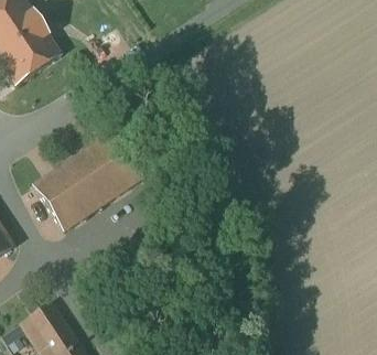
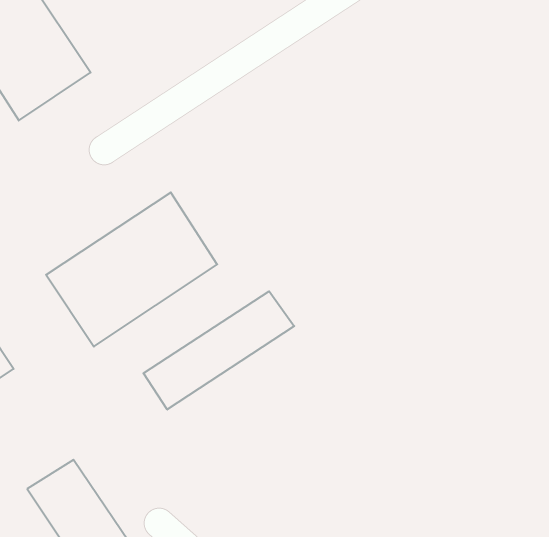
building: none -> [143,291,294,410]

